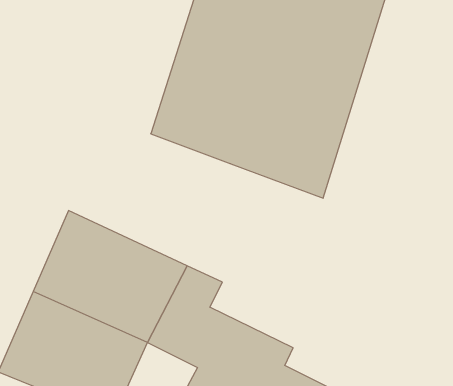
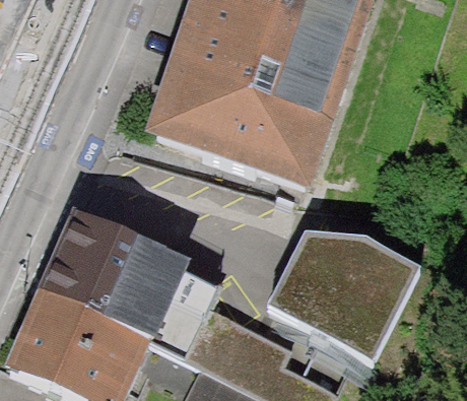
building: none -> [265,230,418,357]

